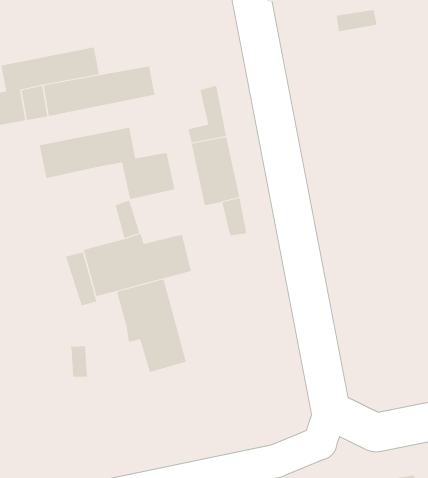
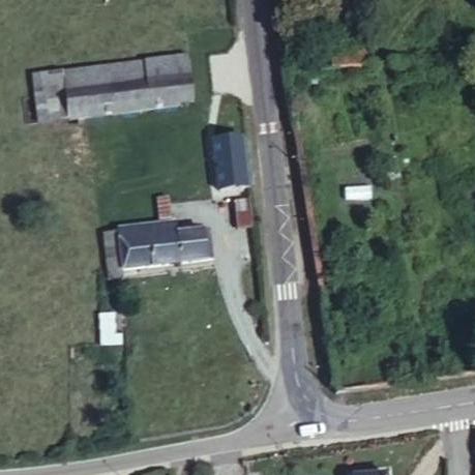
building: none -> [130,54,178,84]
building: [39,127,175,200] -> none
building: [116,279,187,373] -> none

